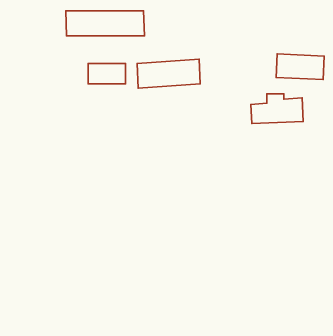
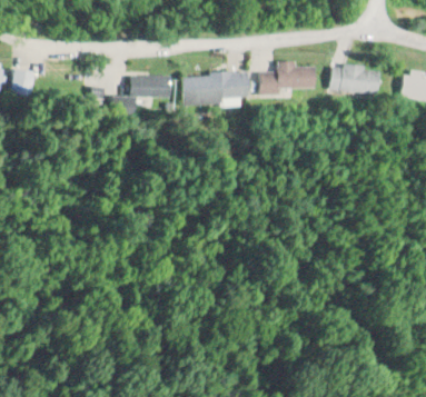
building: [66,11,144,36] -> none
building: [251,94,303,124] -> [258,61,313,92]

